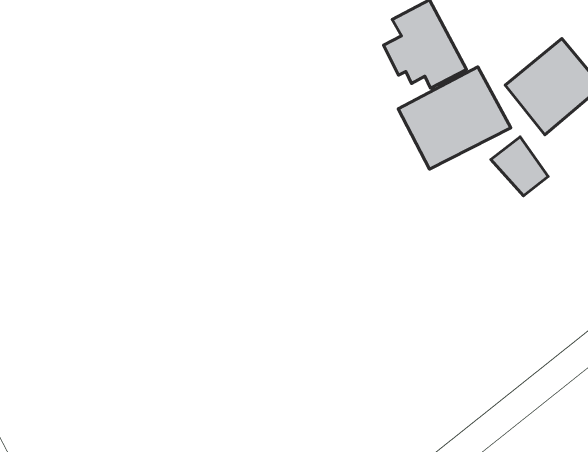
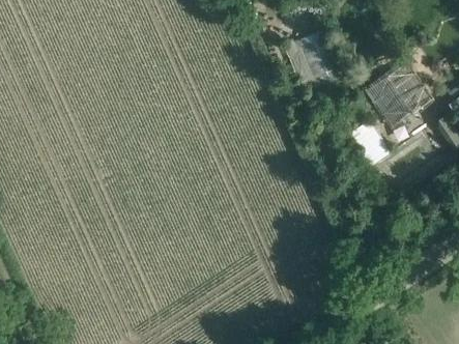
building: [398,67,511,169] -> none

